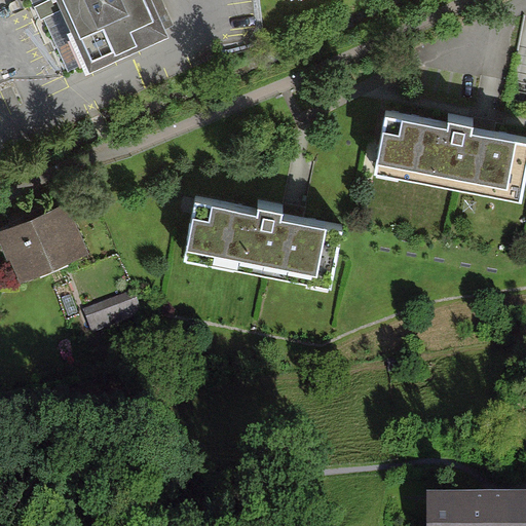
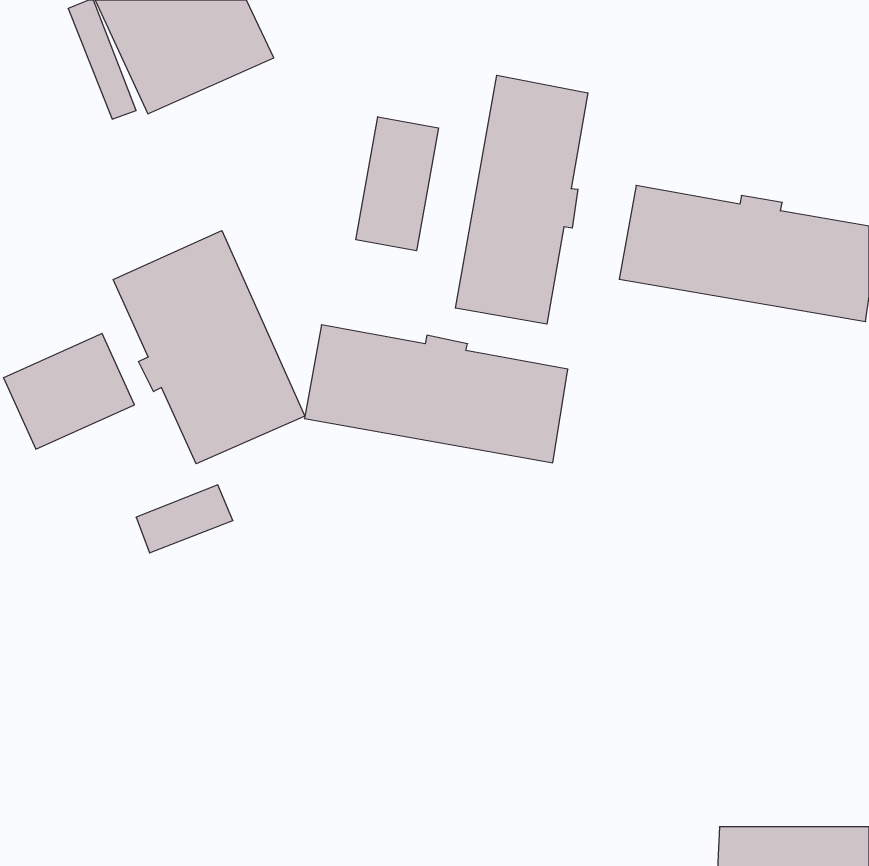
building: none -> [455,75,588,324]
building: none -> [356,117,438,251]
building: none -> [113,231,305,464]

